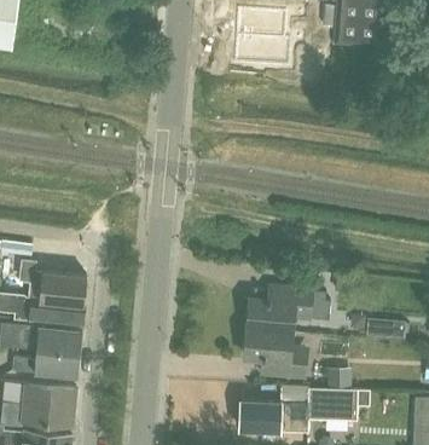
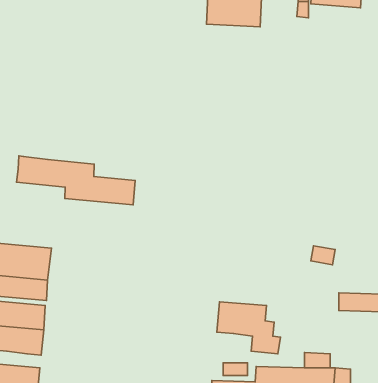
building: none -> [17,156,135,205]
building: [247,287,330,330] -> none

